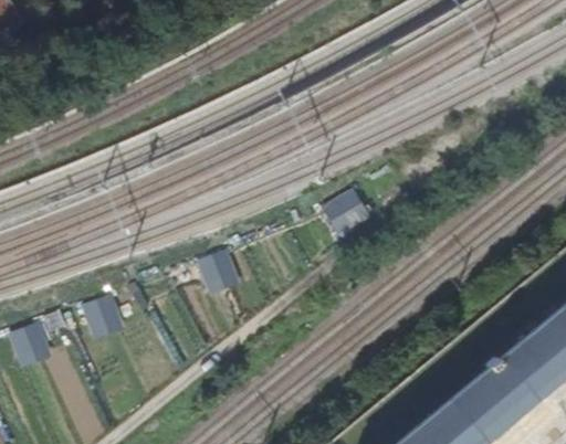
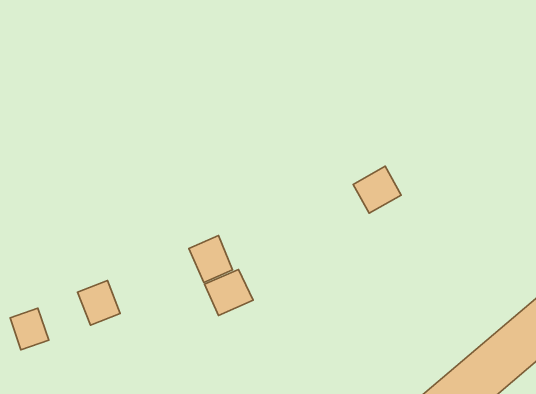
building: [322,188,371,236] -> [353,166,401,213]
building: none -> [205,270,253,316]

